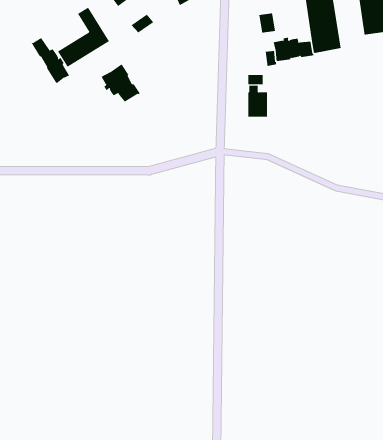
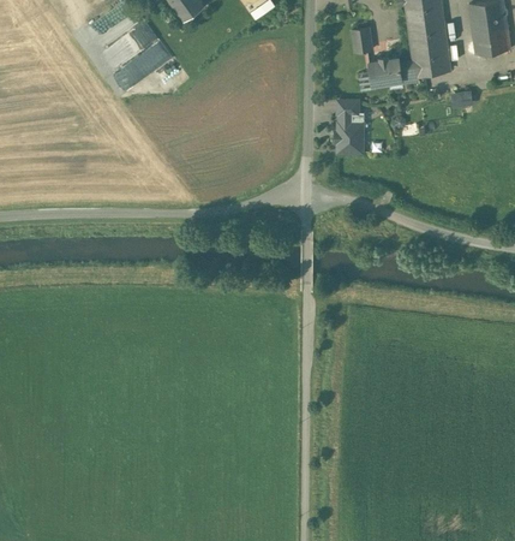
building: [31,37,70,84] -> none
building: [101,64,140,103] -> none

